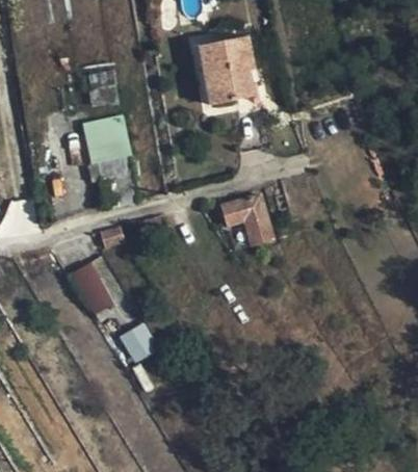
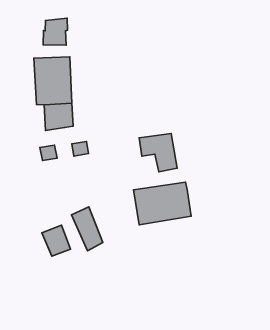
building: [200,36,256,102] -> none
building: none -> [133,182,191,225]
building: [70,261,112,315] -> [72,207,103,251]

